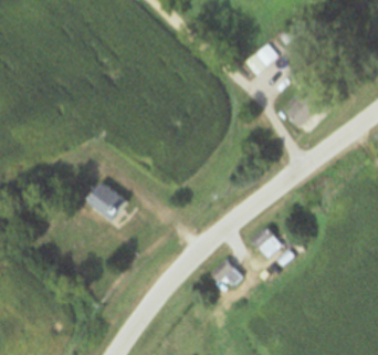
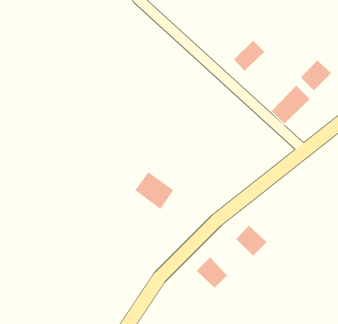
building: none -> [300,60,332,91]
building: [86,181,126,220] -> [134,171,174,210]

